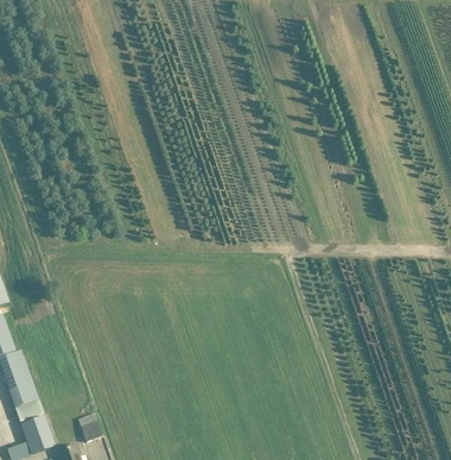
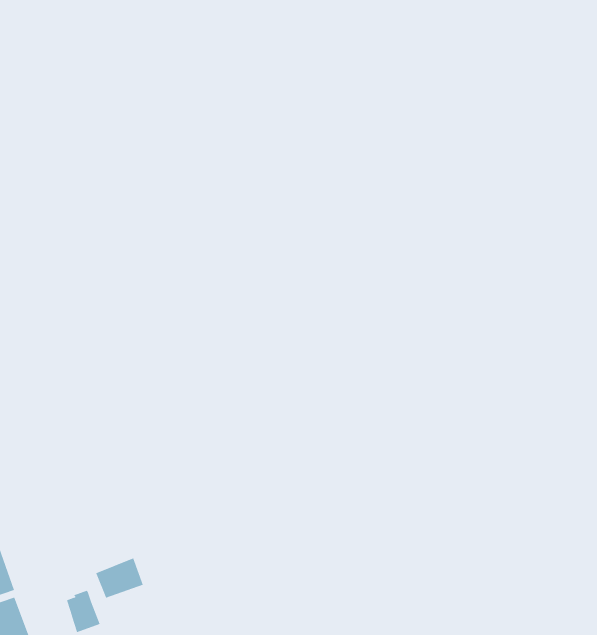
building: none -> [96,557,143,598]

